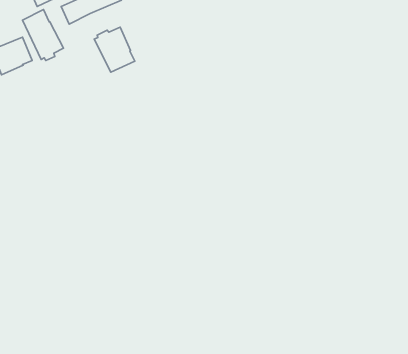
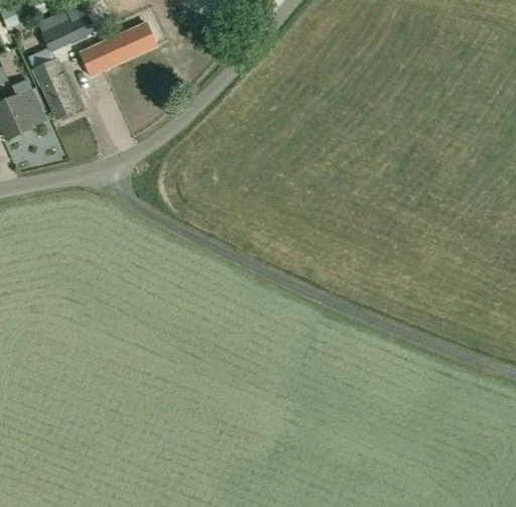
building: [94,27,135,72] -> none

